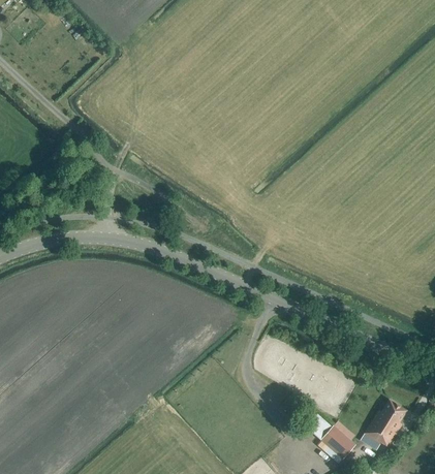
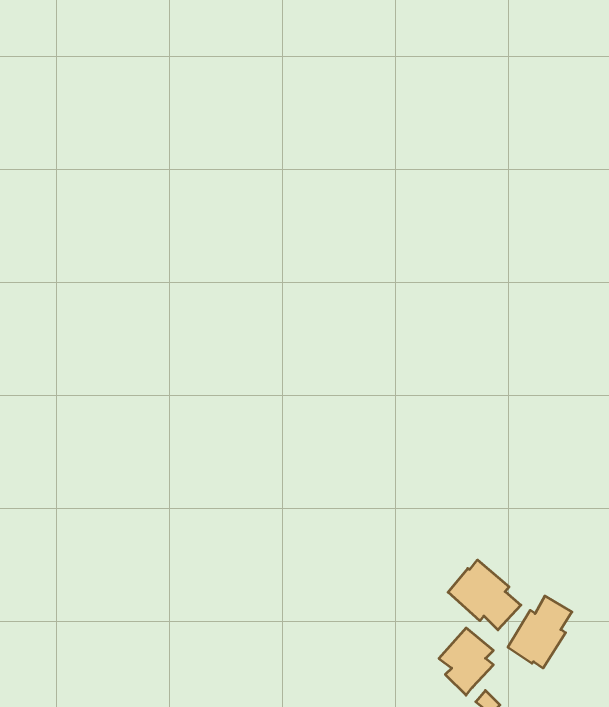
building: none -> [448,560,521,630]

